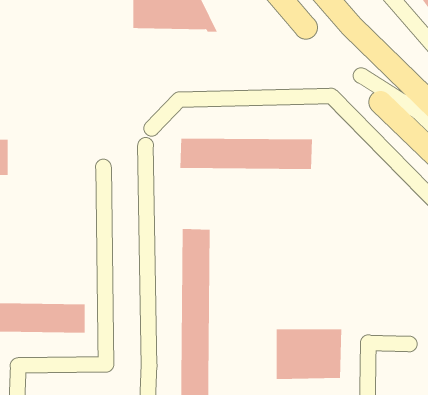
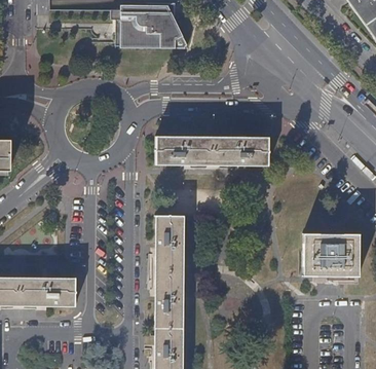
building: [276,329,342,379] -> [304,234,361,278]

